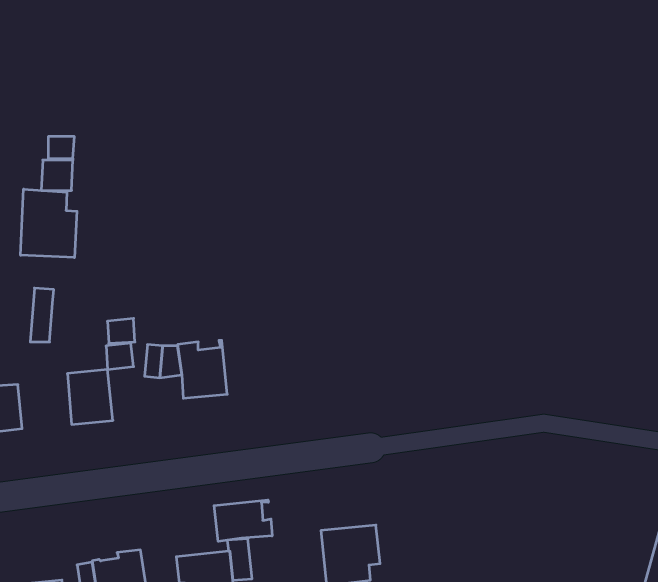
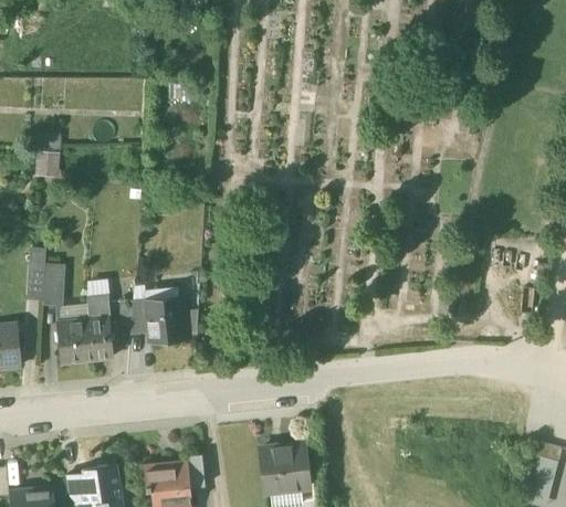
building: [21,189,77,258] -> none
building: none -> [43,266,63,303]
building: none -> [90,317,115,360]
building: [214,500,272,541] -> none

